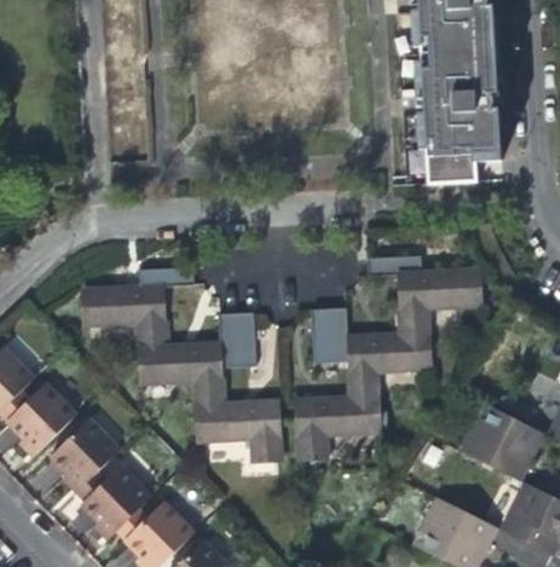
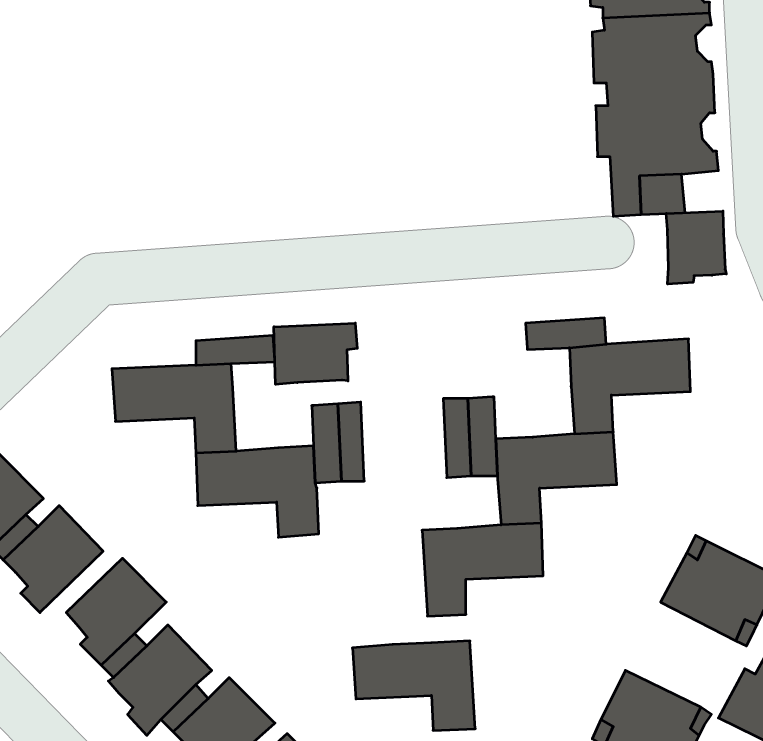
building: none -> [666,211,726,284]
building: none -> [274,323,357,384]
building: [197,400,282,462] -> [352,641,475,730]

